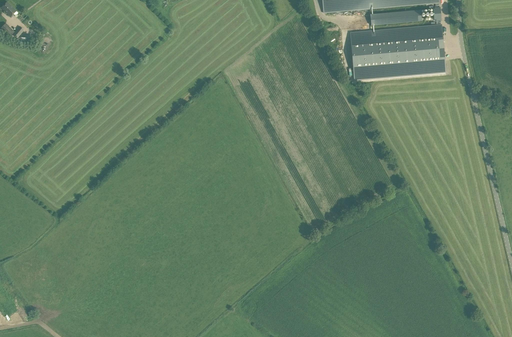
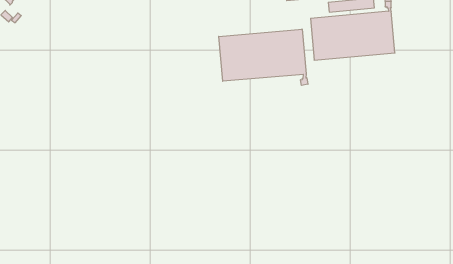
building: none -> [219,29,308,85]

